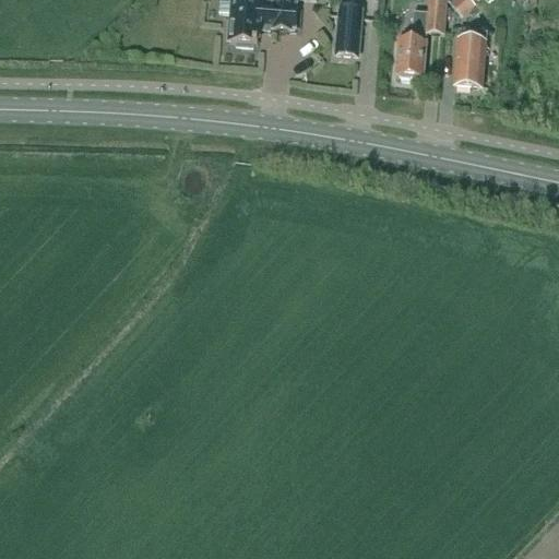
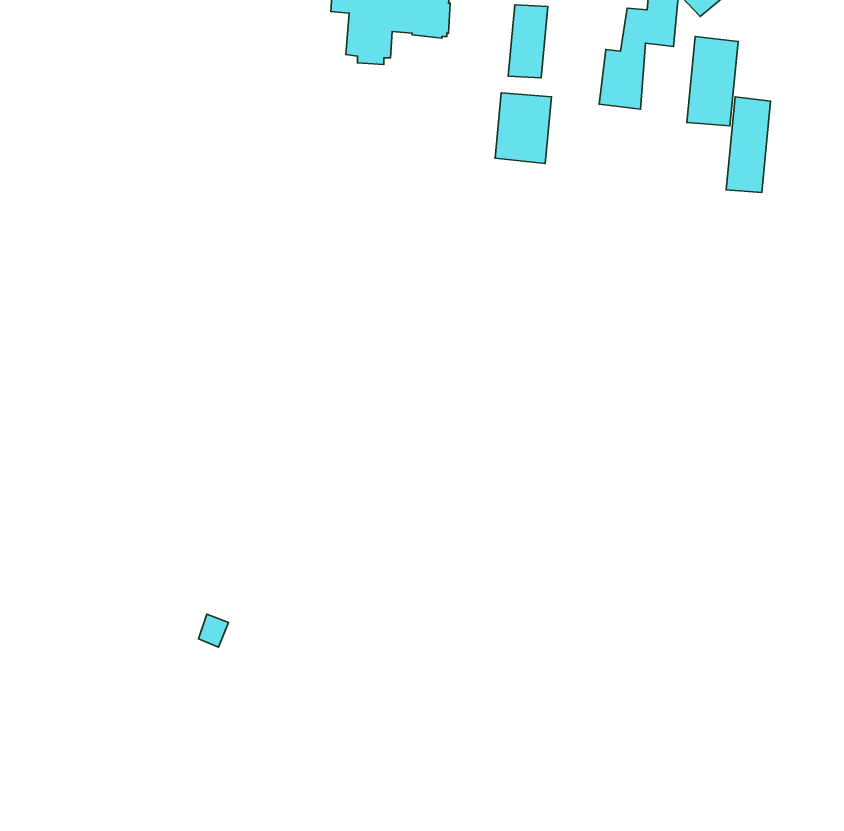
building: none -> [495,93,551,164]
building: none -> [726,97,770,192]

